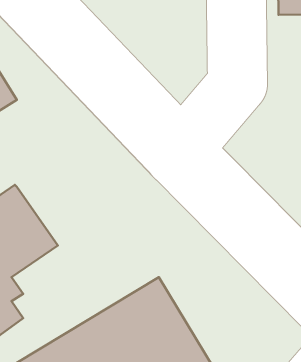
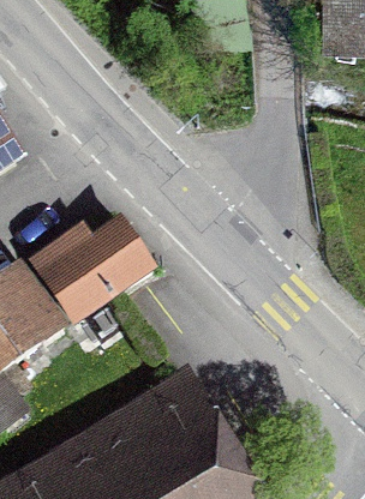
building: none -> [25,215,157,326]

